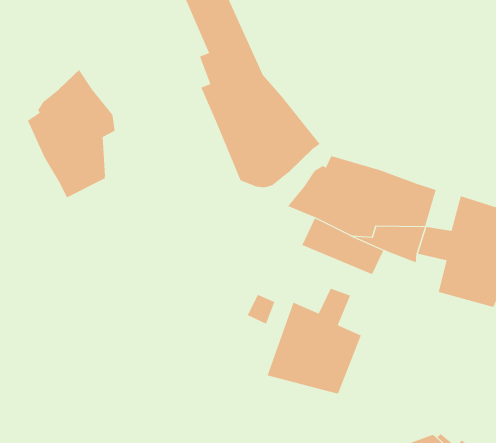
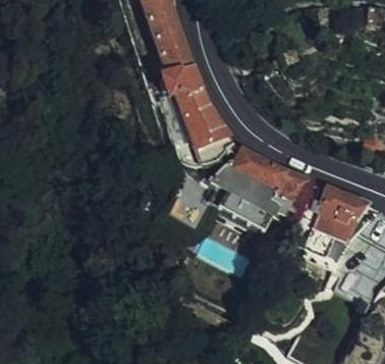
building: [27,69,115,198] -> none
building: [267,288,361,394] -> none

